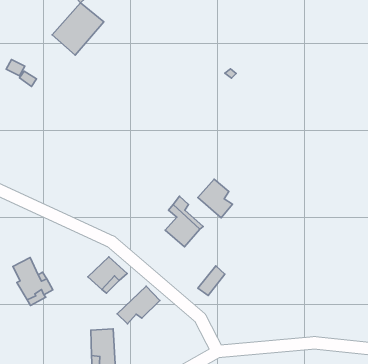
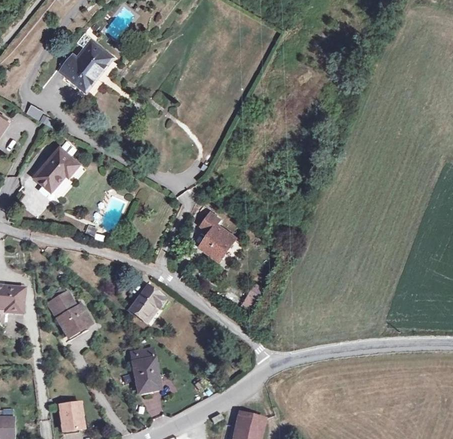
building: none -> [38,151,84,194]
building: [198,179,232,218] -> none
building: [117,286,160,324] -> none

